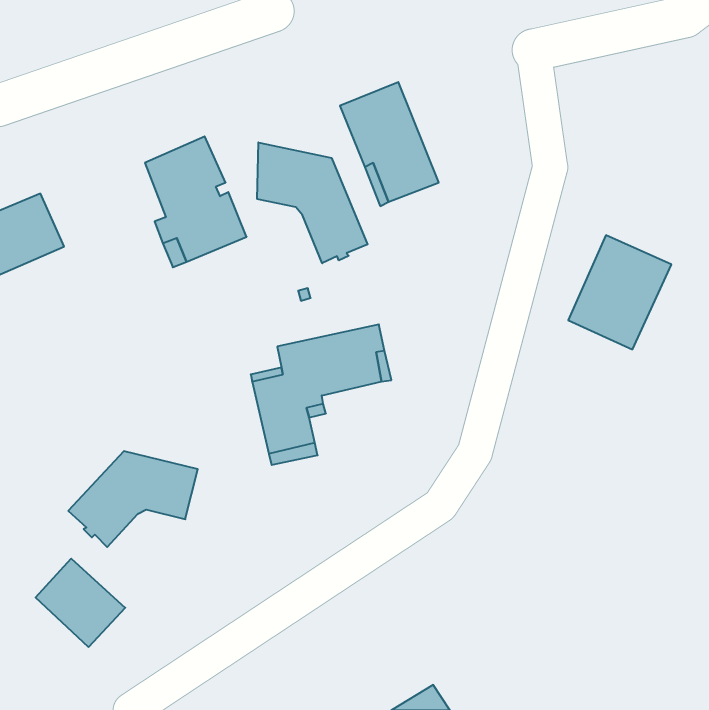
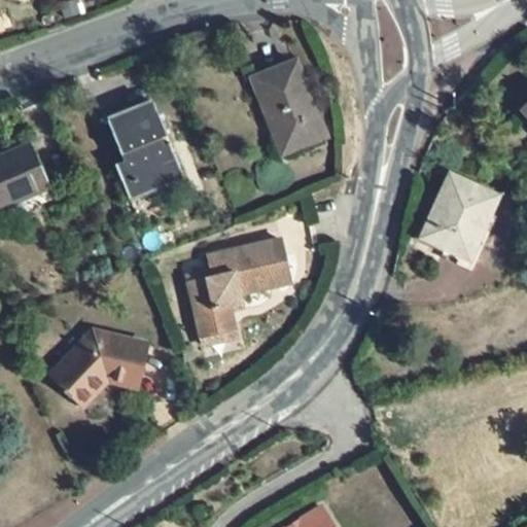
building: [257,142,368,263] -> none
building: [36,559,125,647] -> none

